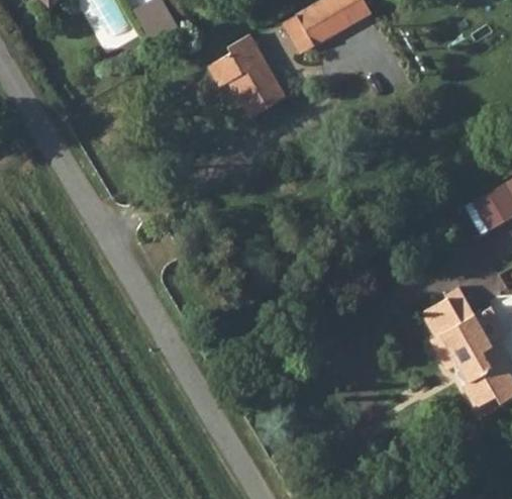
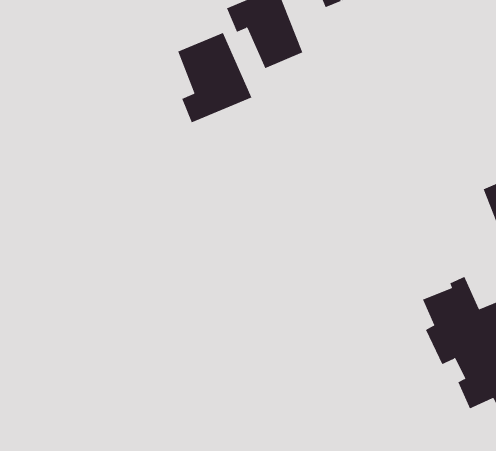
building: none -> [177,32,252,123]

